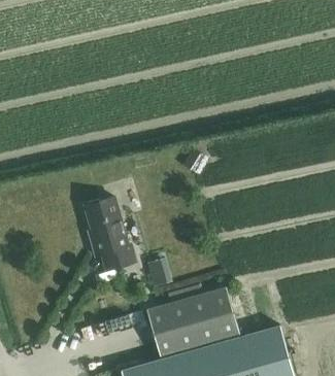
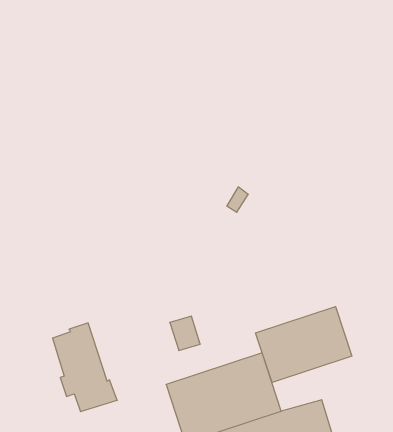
building: [82,202,135,274] -> [53,323,117,412]
building: none -> [256,307,352,382]

